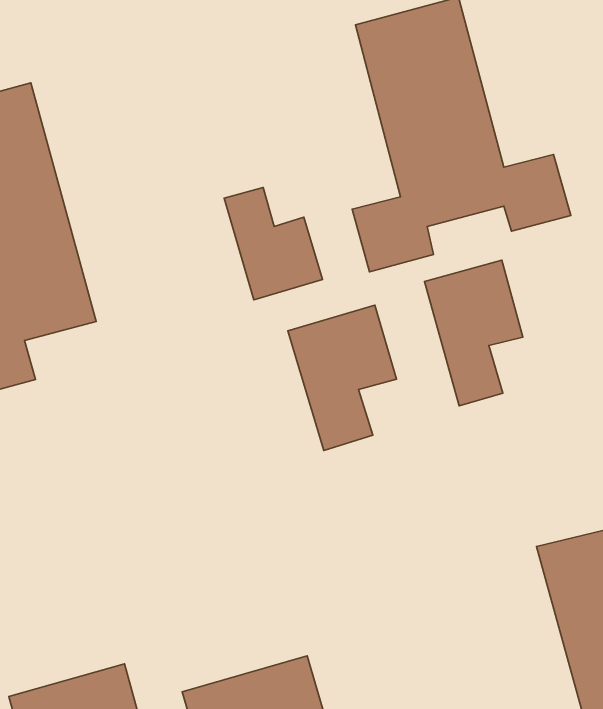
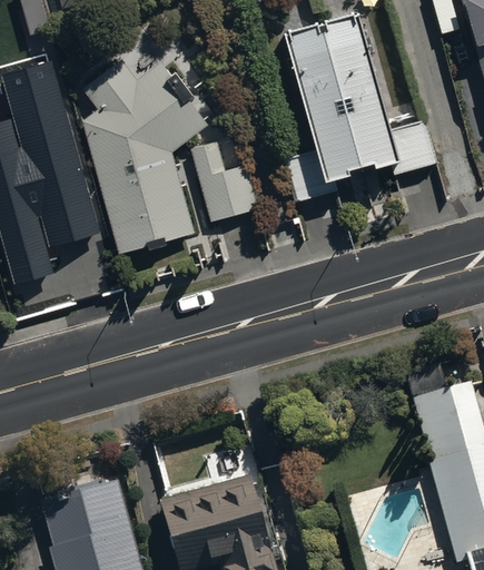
building: none -> [82,58,208,253]
building: [425,260,523,406] -> none
building: [288,305,396,450] -> none

